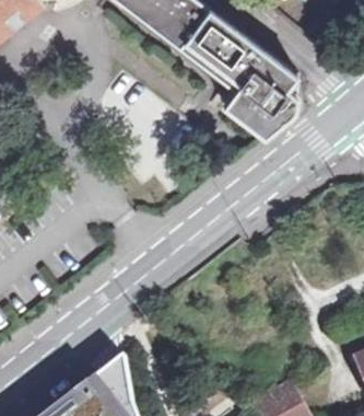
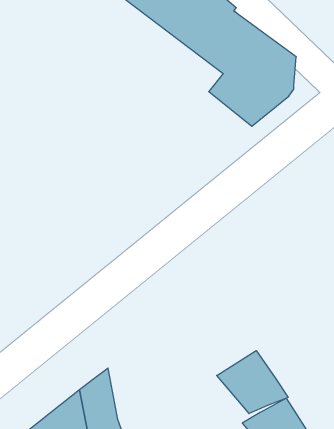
building: none -> [217,351,288,414]

